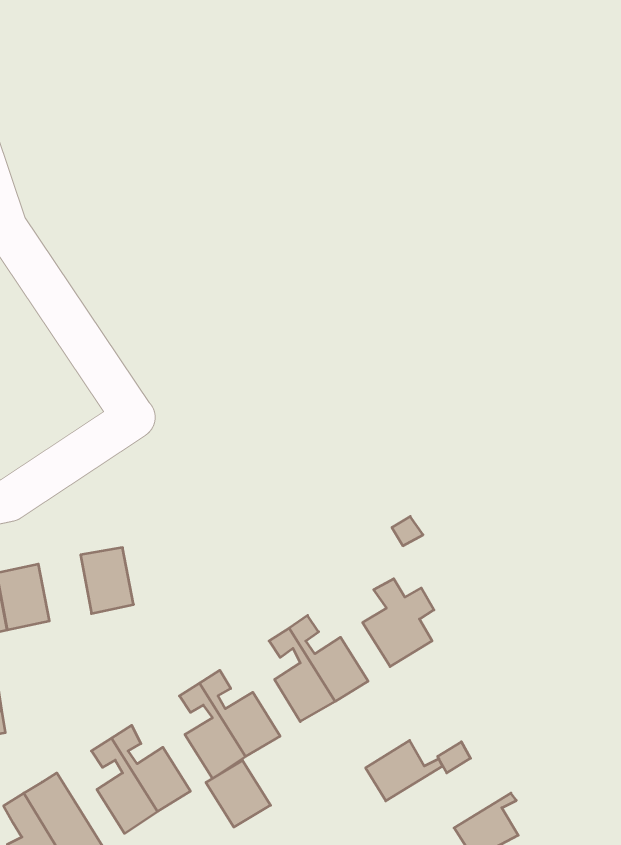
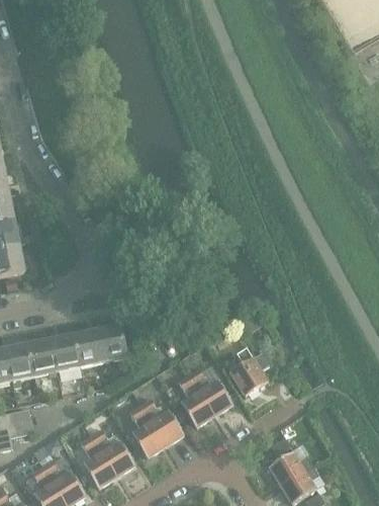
building: none -> [96,325,126,361]
building: none -> [50,334,79,370]
building: [366,740,443,801] -> [268,451,310,485]
building: [206,760,271,827] -> none

